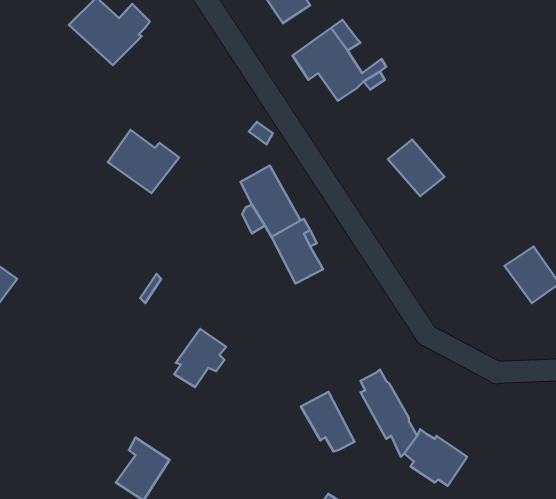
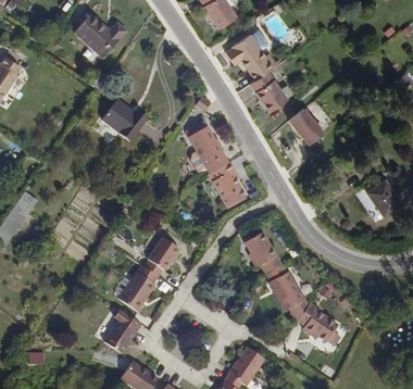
building: none -> [249,73,287,113]
building: none -> [117,262,159,310]
building: [301,392,354,452] -> [245,230,280,271]

